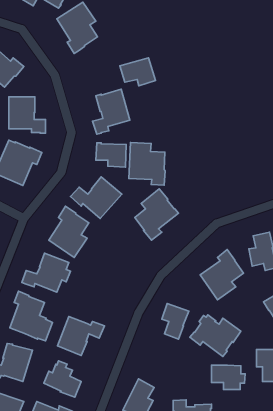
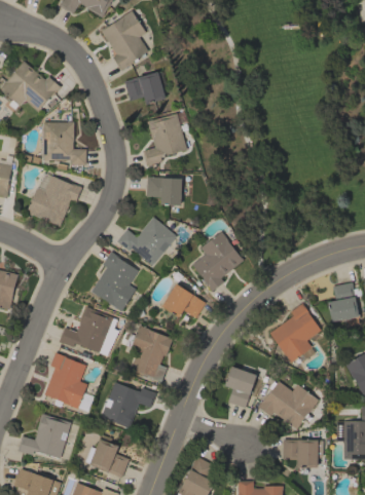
building: [120,58,155,86] -> [123,72,166,105]
building: [129,143,165,185] -> none
building: none -> [161,283,205,318]
building: none -> [124,326,173,382]

